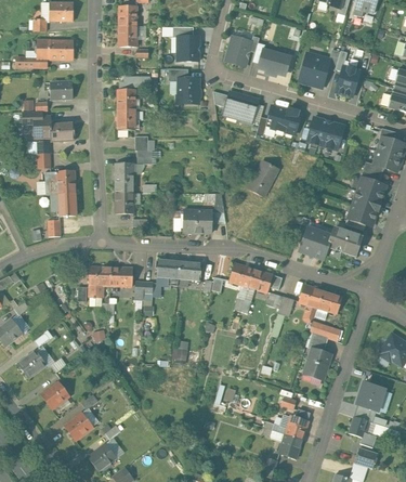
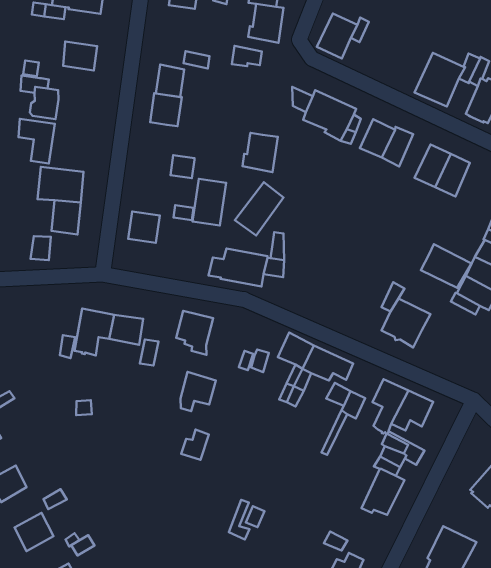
building: [258,50,289,76] -> none
building: [176,79,198,104] -> [242,133,278,172]
building: [51,122,75,141] -> none
building: [247,160,278,198] -> [235,182,283,236]
building: [114,164,133,194] -> [192,179,226,226]
building: [327,227,362,256] -> [421,244,471,288]
building: [179,260,201,287] -> [181,372,216,411]

